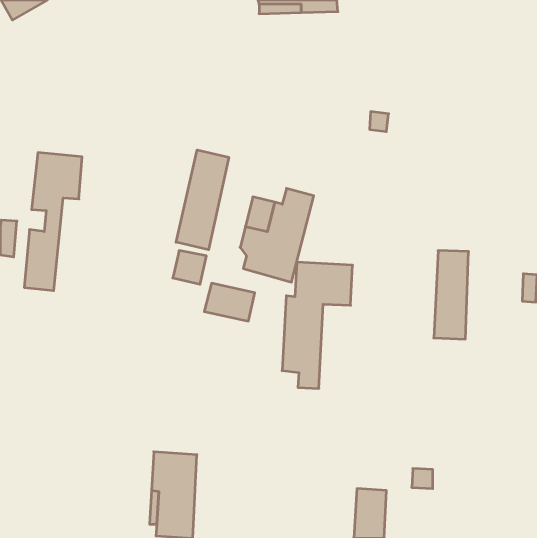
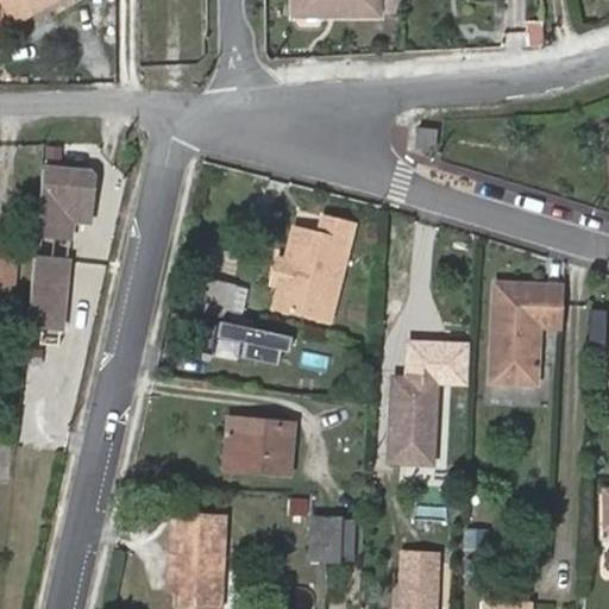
building: [176,150,229,250] -> none
building: none -> [527,284,560,383]
building: [282,262,353,388] -> [391,339,471,482]
building: none -> [228,419,295,473]
building: none -> [314,520,356,559]

